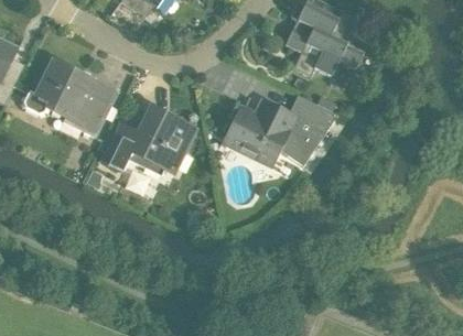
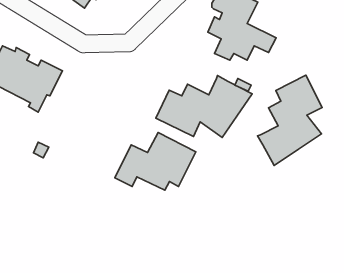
building: none -> [257,75,322,166]
building: [103,109,195,175] -> [115,132,196,190]

